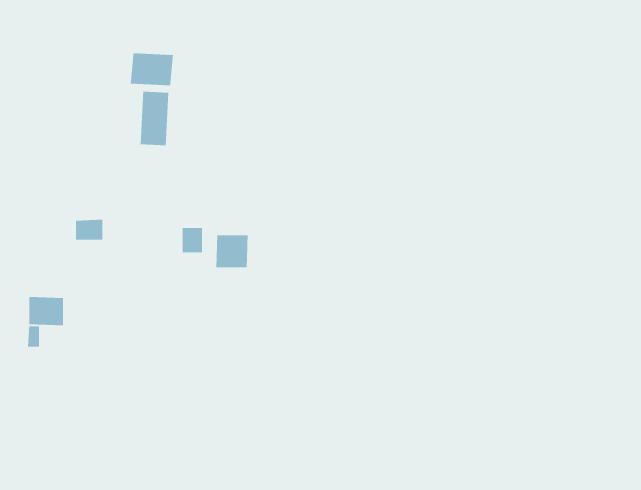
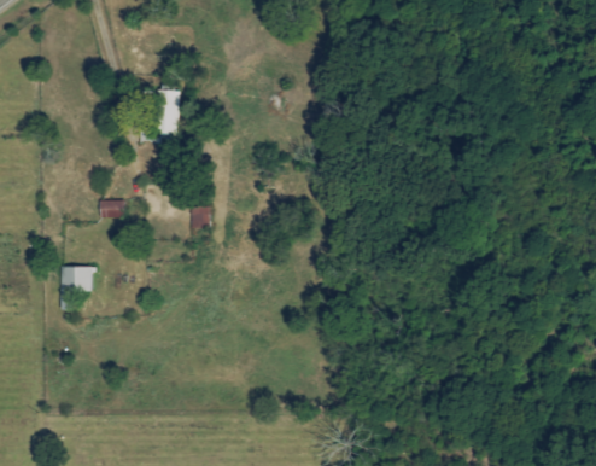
building: [130,53,174,86] -> none
building: [216,235,248,268] -> none

